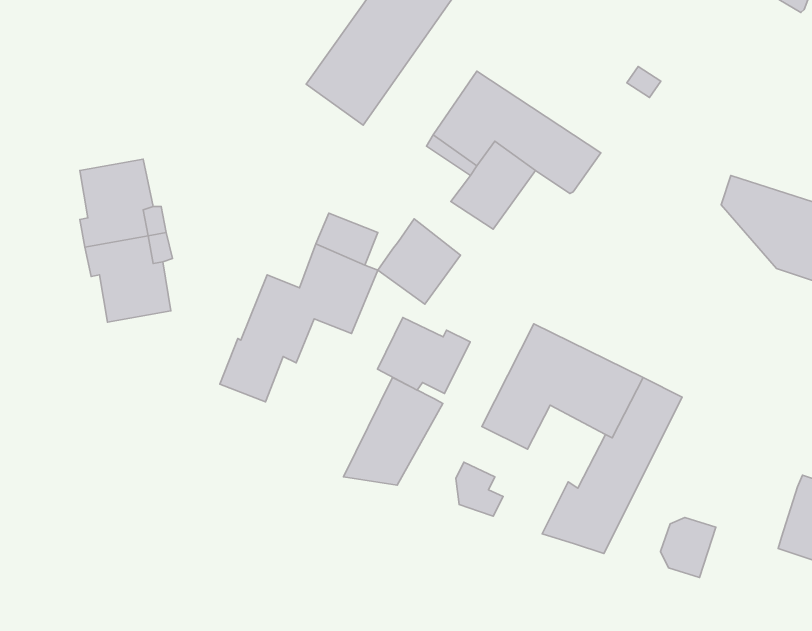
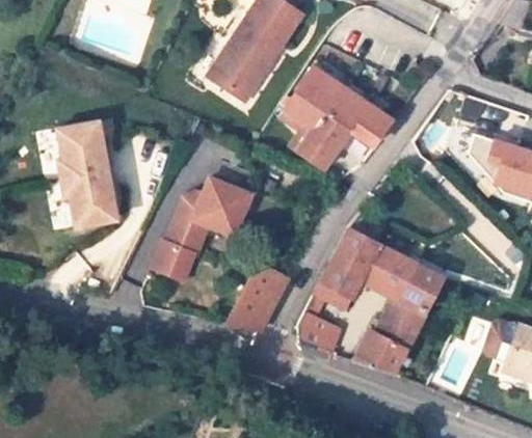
building: [378,219,461,304] -> none
building: [377,317,470,394] -> none
building: [660,517,716,578] -> [482,325,517,363]

